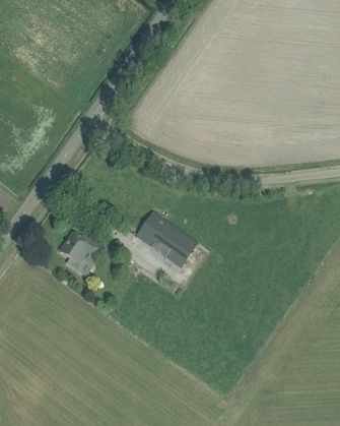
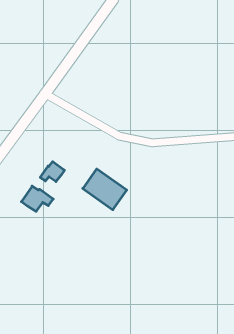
building: none -> [40,162,64,182]

